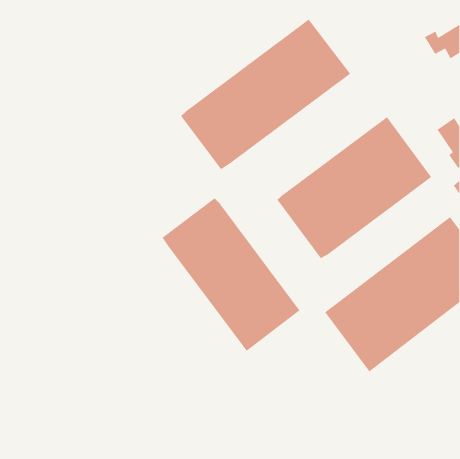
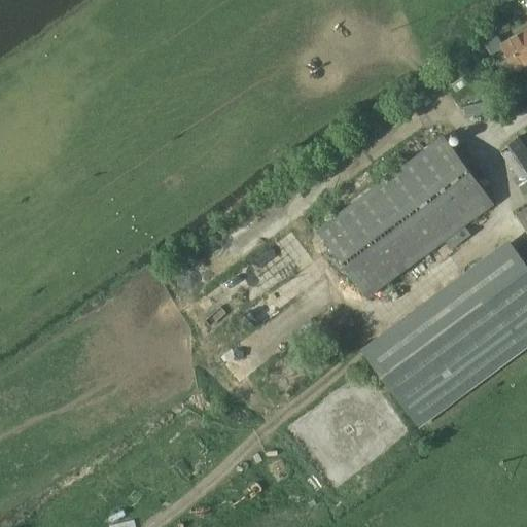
building: [180,19,351,170] -> none
building: [162,197,301,352] -> none

